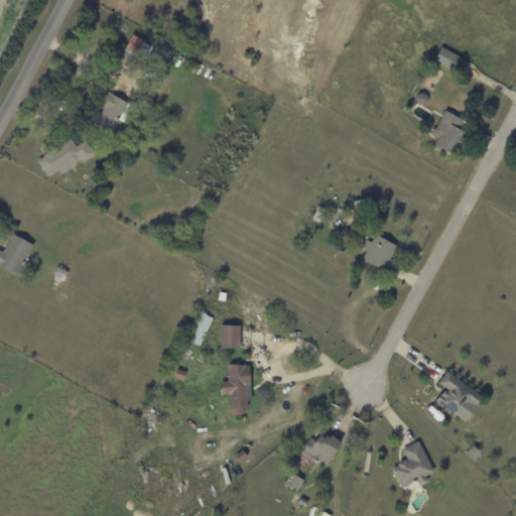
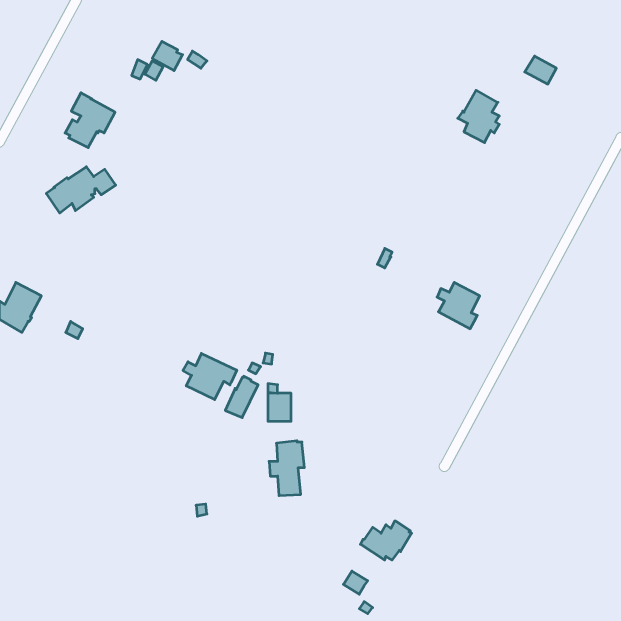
building: [92,89,133,134] -> [65,93,115,148]
building: [430,110,465,153] -> [458,90,499,143]
building: none -> [183,353,237,400]
building: [436,371,483,417] -> none
building: [393,442,434,489] -> none

